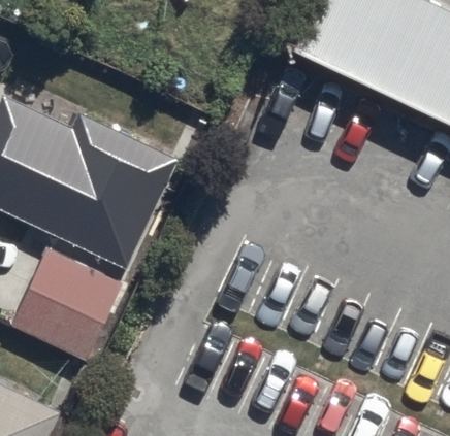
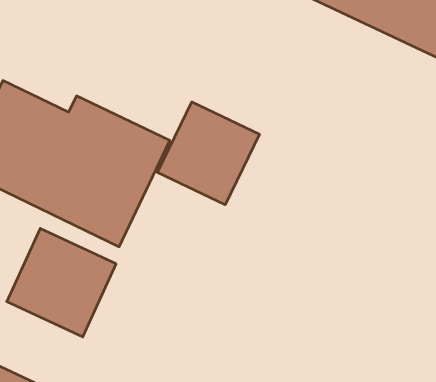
building: none -> [157,102,259,205]

